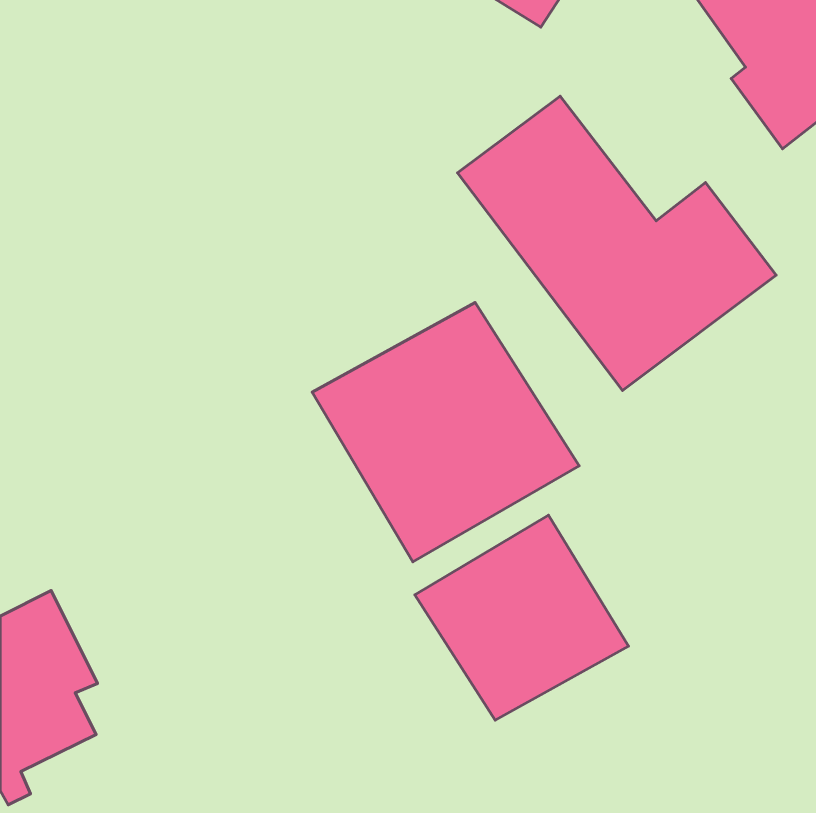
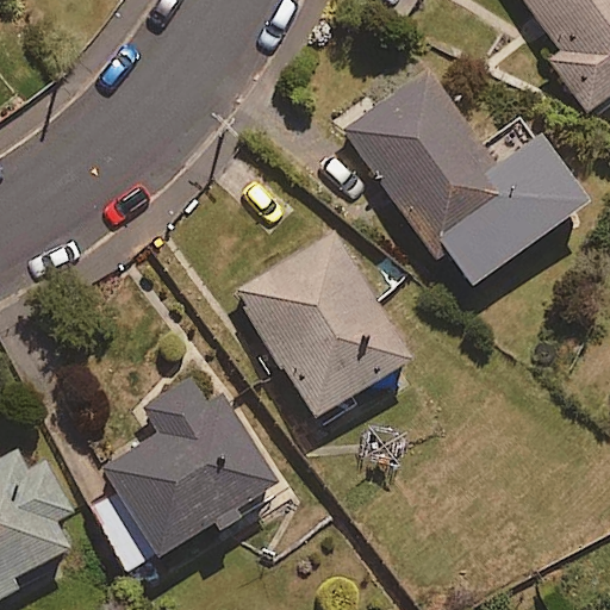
building: none -> [94,361,280,569]
building: [415,515,629,720] -> none

